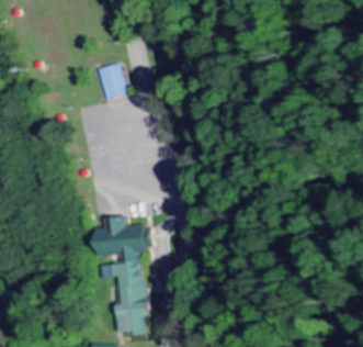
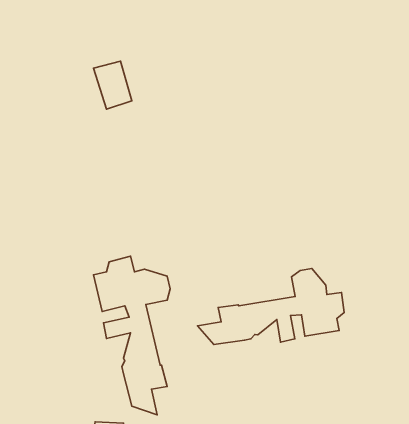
building: none -> [198,268,344,344]

